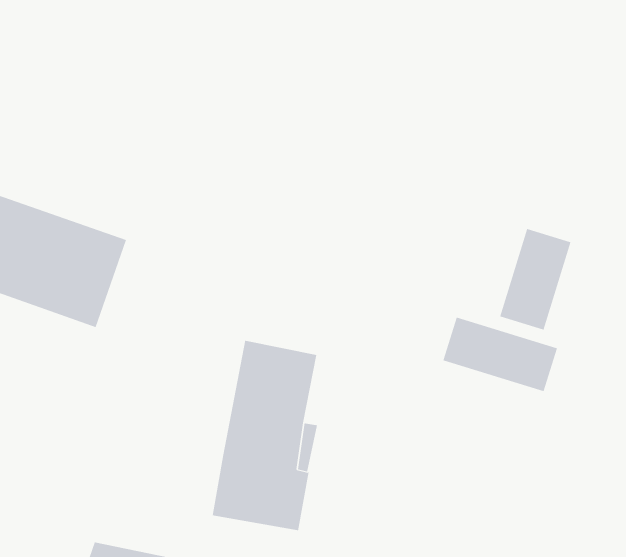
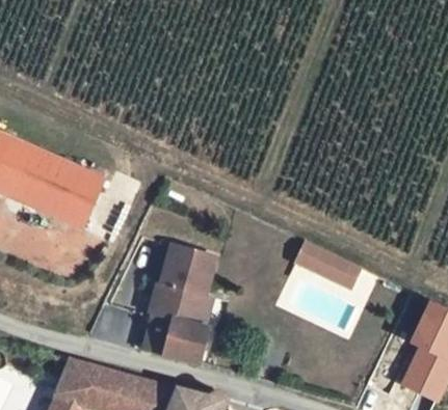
building: [500,228,571,330] -> none

